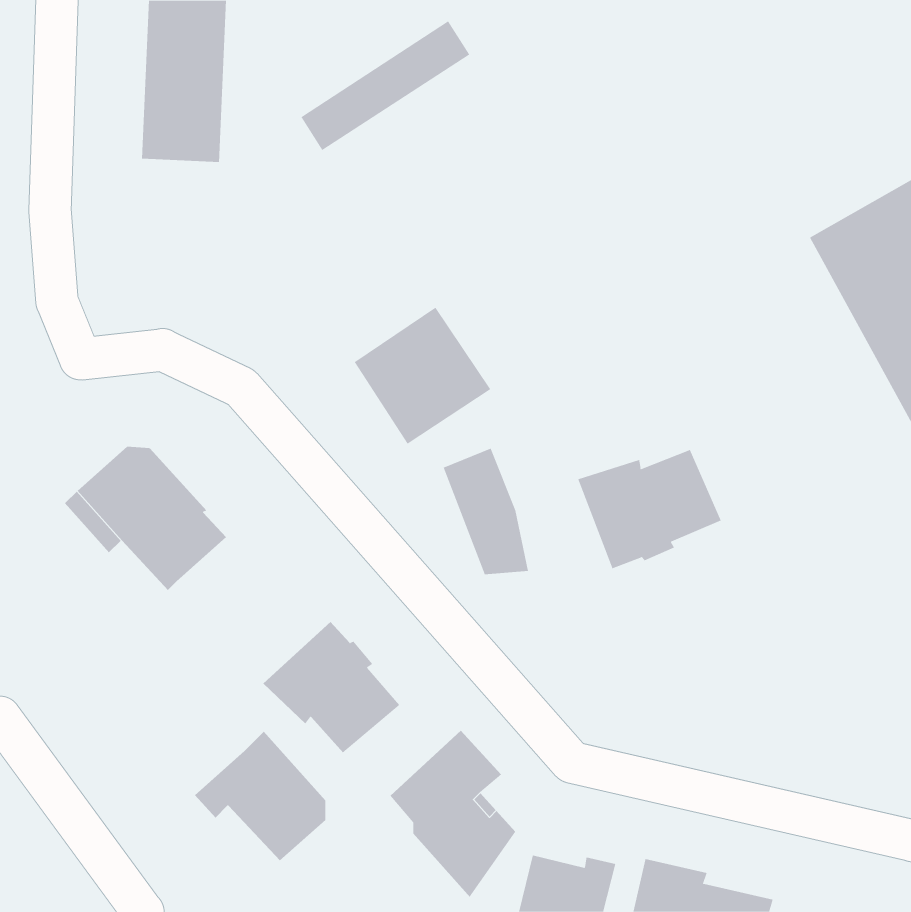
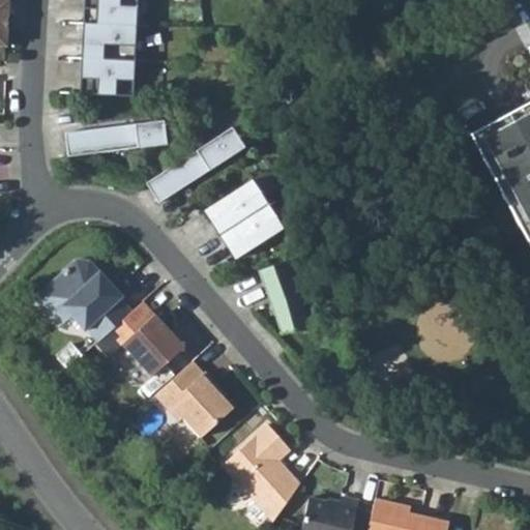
building: [300,21,470,151] -> [144,129,242,205]
building: none -> [65,123,167,156]
building: [577,449,721,569] -> none
building: [194,731,326,861] -> [104,300,180,376]

